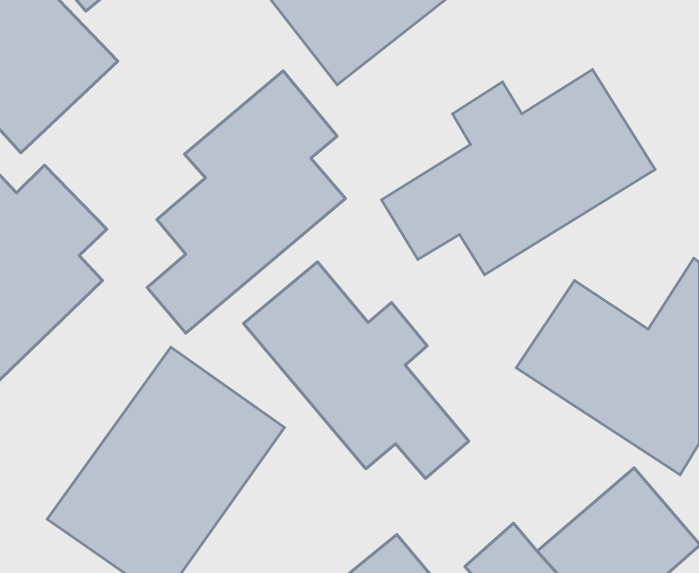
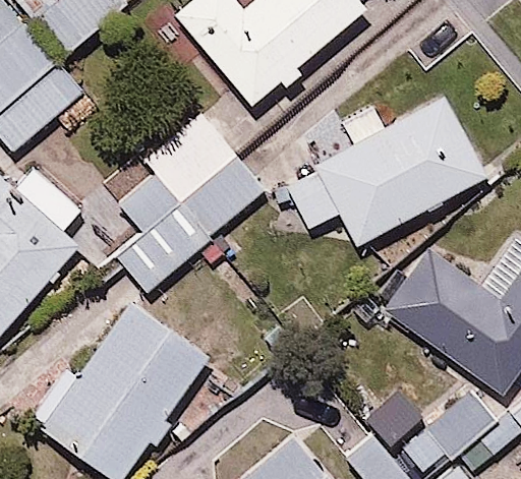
building: [243,262,469,479] -> none

